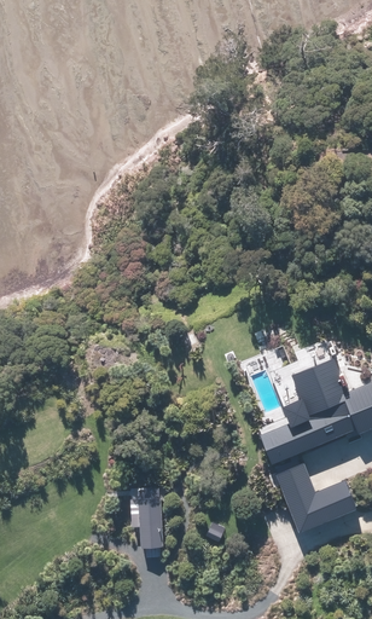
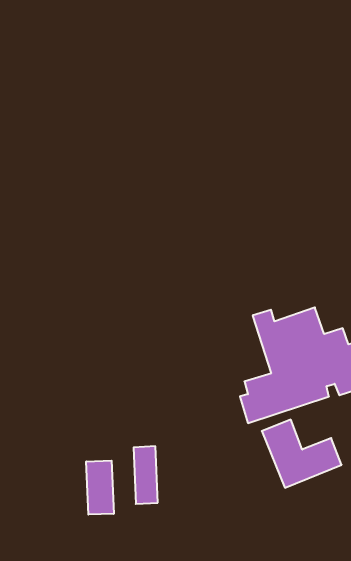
building: none -> [86,461,114,515]

